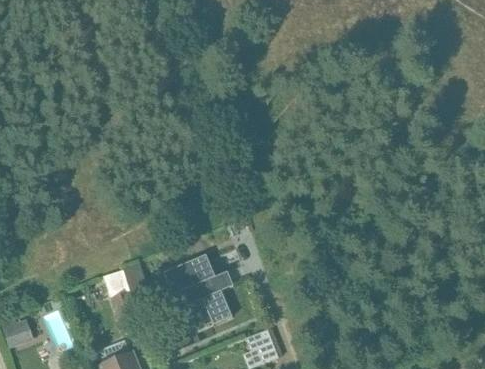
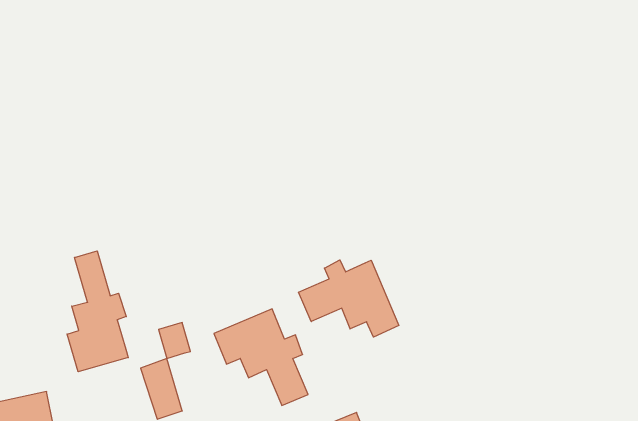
building: none -> [67,251,128,372]
building: none -> [299,260,399,337]

